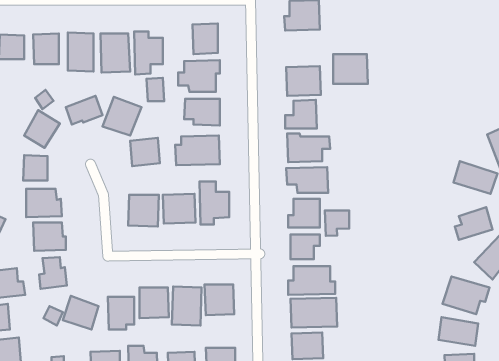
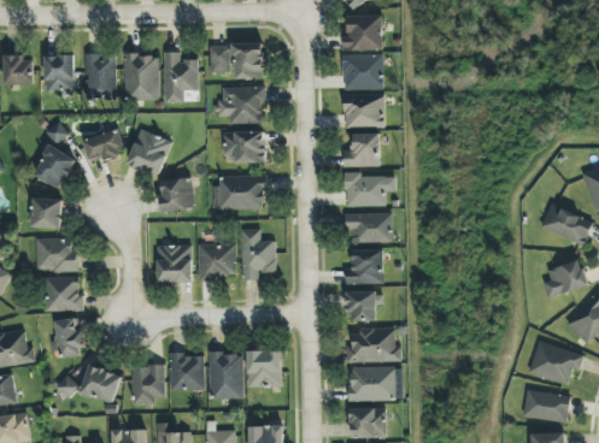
building: [333,54,368,84] -> [342,54,383,89]
building: [147,78,164,101] -> [210,45,230,72]
building: [325,210,349,236] -> none

